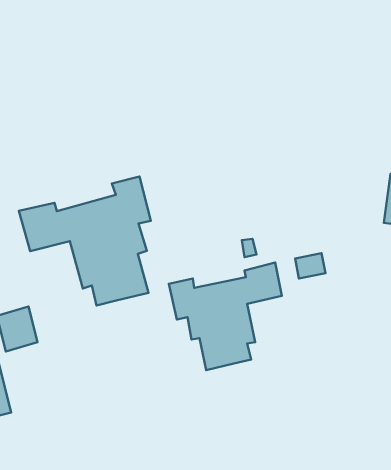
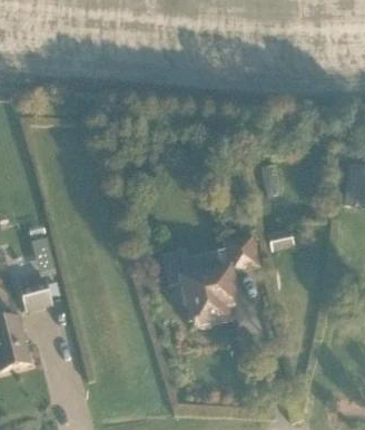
building: [19,177,151,305] -> none

